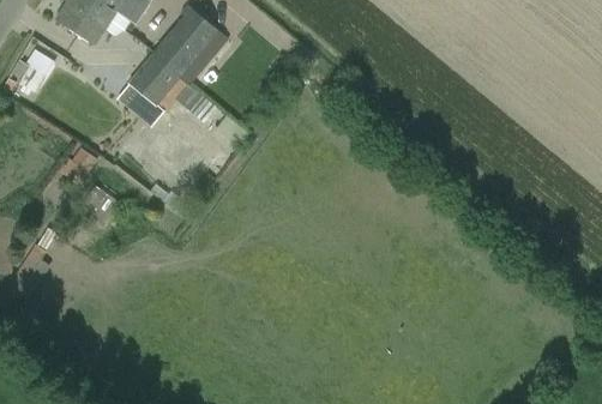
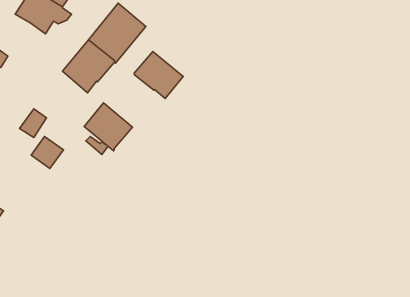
building: none -> [134,51,183,99]
building: none -> [84,103,132,151]

